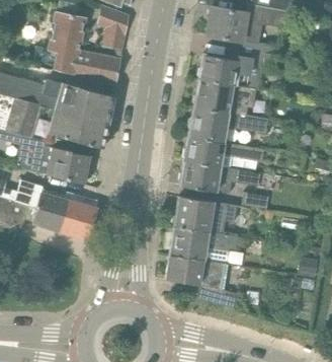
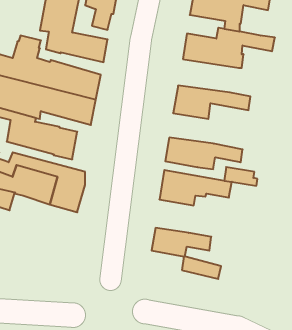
building: [193,80,256,115] -> none
building: [184,136,264,167] -> none
building: [170,225,241,260] -> none

